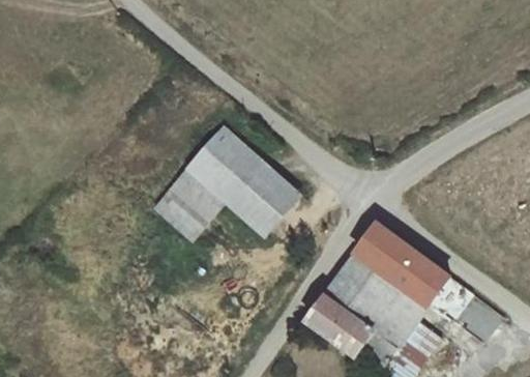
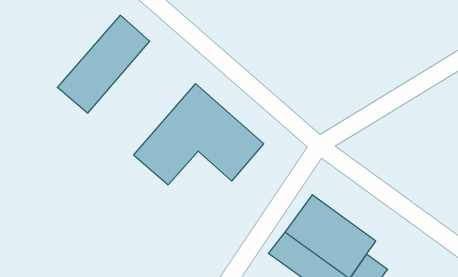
building: none -> [57,15,150,113]
building: [355,222,449,304] -> none

